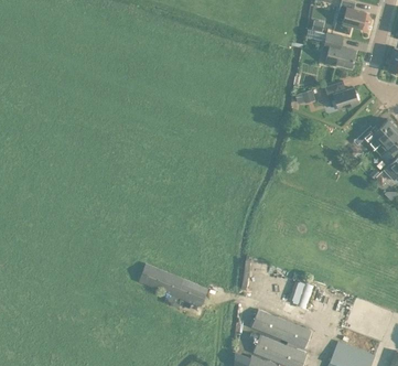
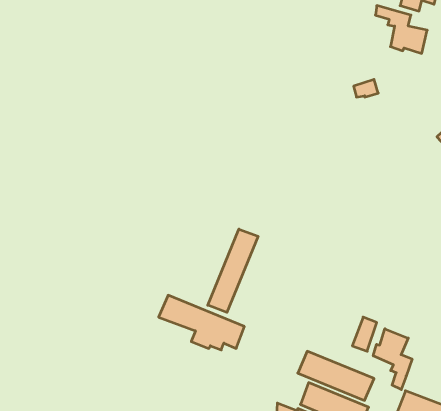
building: [325,82,358,109] -> none
building: none -> [208,229,258,312]
building: none -> [373,329,412,390]

